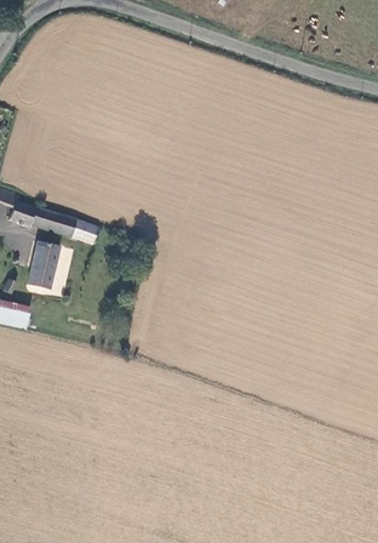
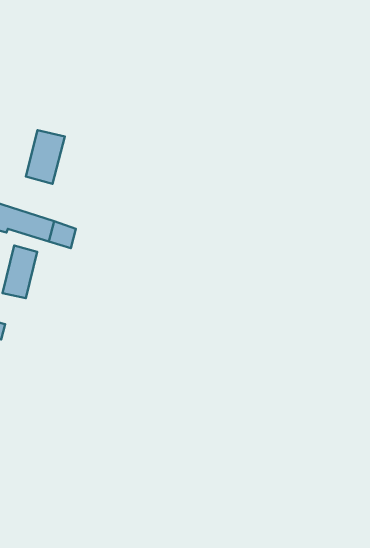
building: none -> [26,130,65,184]

